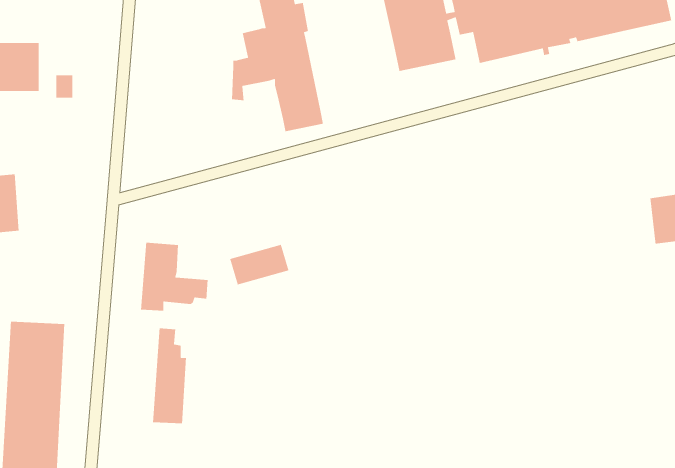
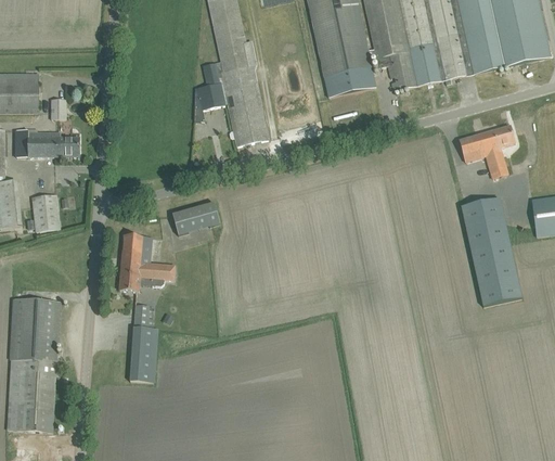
building: none -> [459,125,514,177]
building: none -> [16,129,78,156]
building: none -> [33,194,60,231]
building: none -> [461,197,520,306]
building: [229,244,290,285] -> [171,202,220,235]

